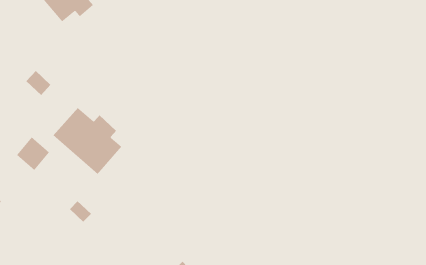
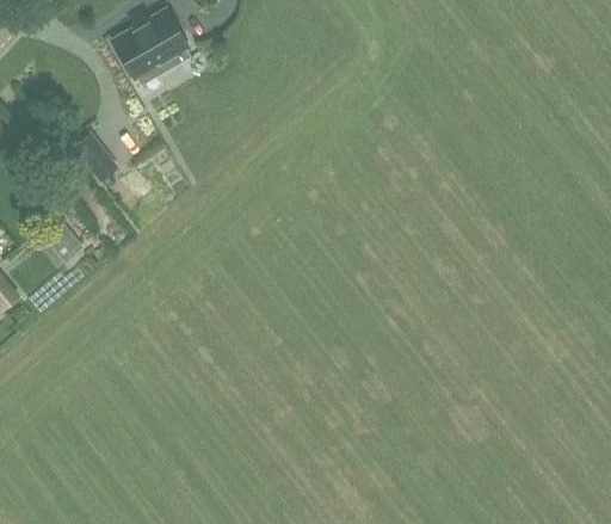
building: [53,107,122,175] -> none

